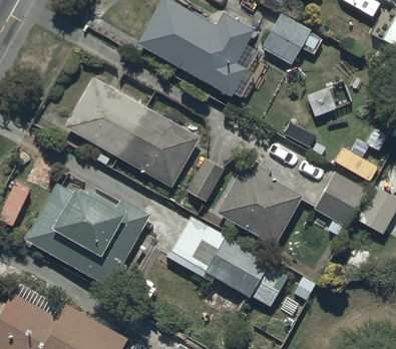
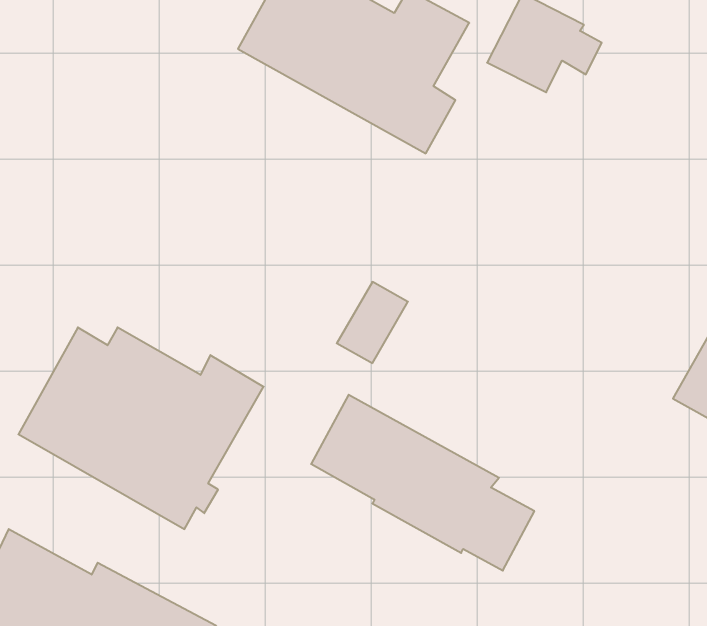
building: [65,79,200,189] -> none
building: [218,164,302,245] -> none
building: [313,173,367,239] -> none

